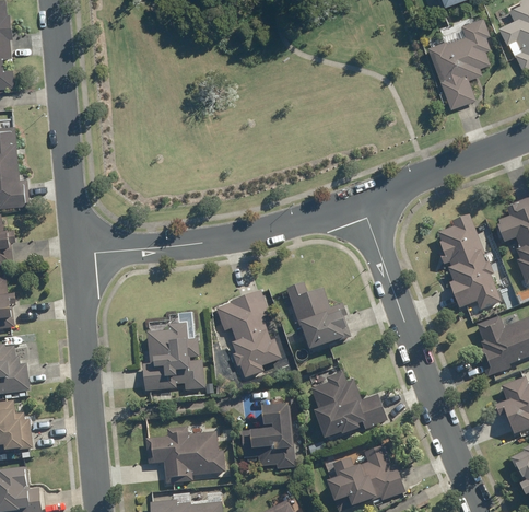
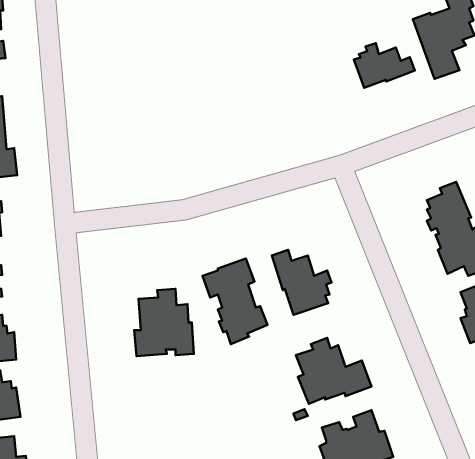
building: none -> [354,43,415,88]
building: [247,402,301,467] -> none
building: [145,426,224,482] -> none

